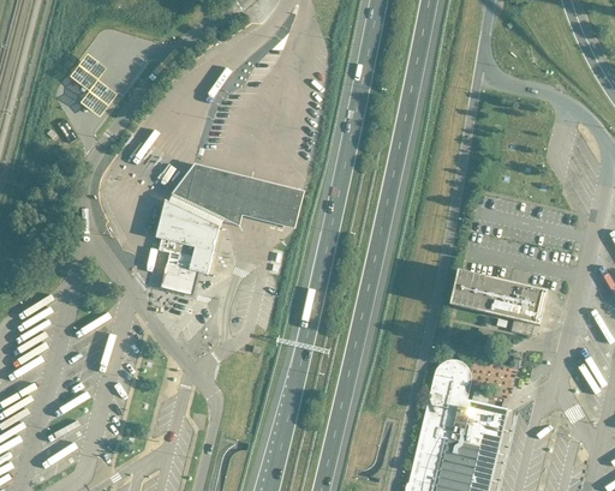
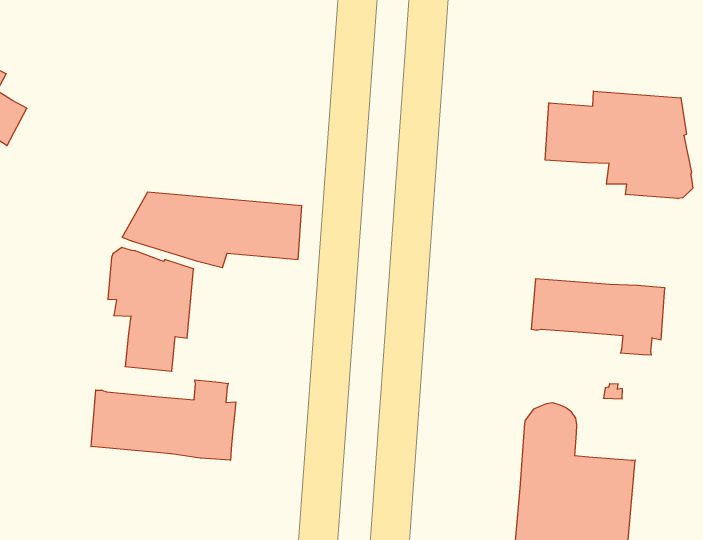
building: none -> [545,91,693,199]
building: none -> [91,380,236,460]

